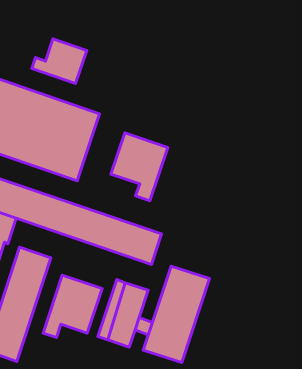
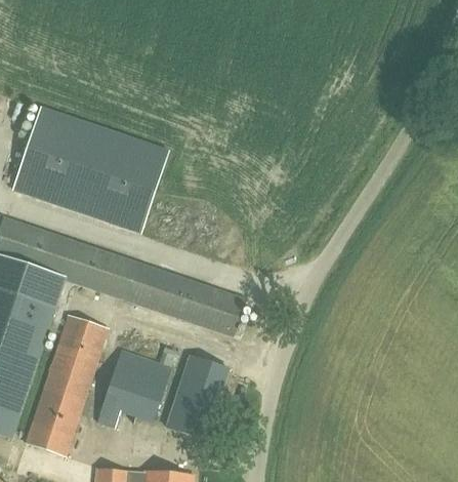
building: [32,39,87,83] -> none
building: [111,133,168,201] -> none
building: [143,266,210,363] -> none

